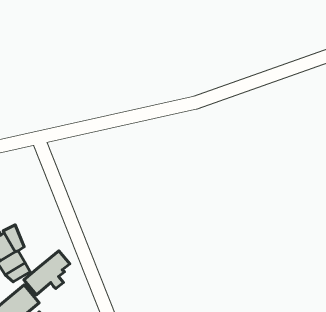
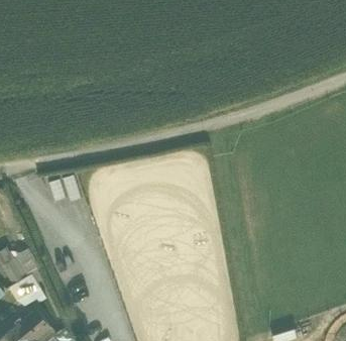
building: [24,251,70,295] -> none

